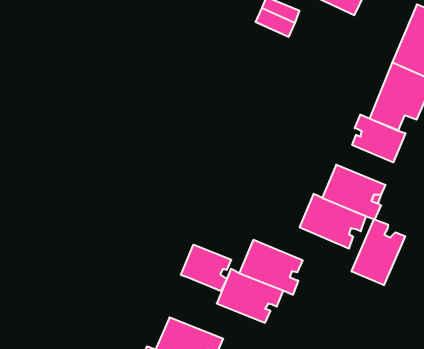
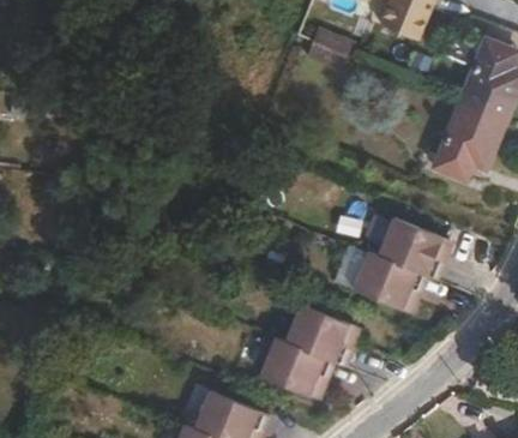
building: [352,115,405,162] -> none
building: [352,219,405,285] -> none
building: [181,245,231,291] -> none

